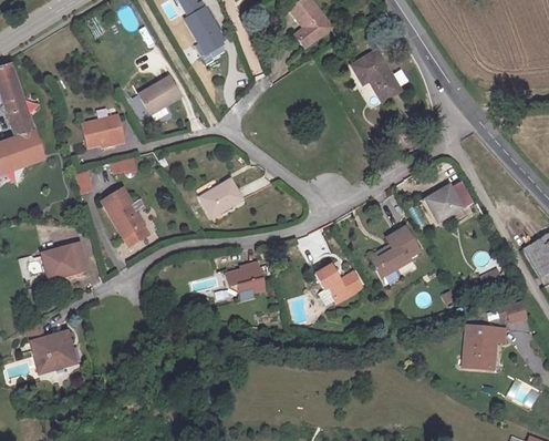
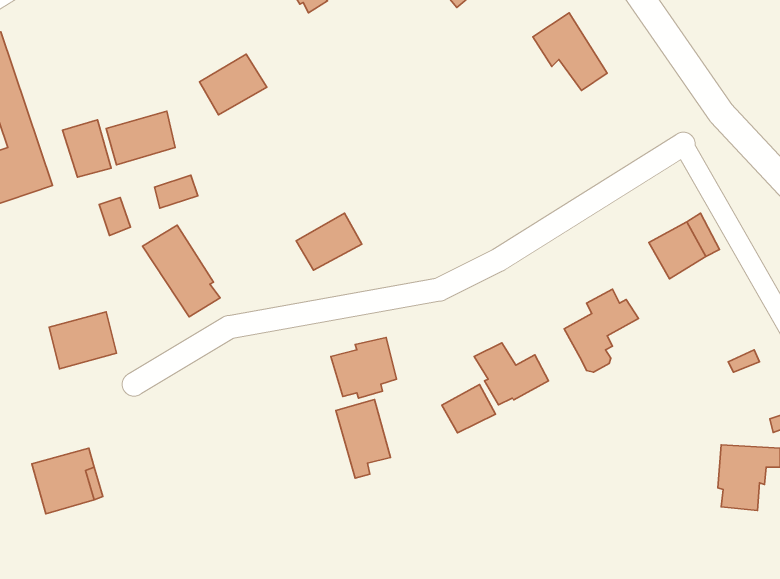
building: none -> [62,120,111,177]
building: none -> [442,384,495,433]
building: none -> [336,400,391,478]

